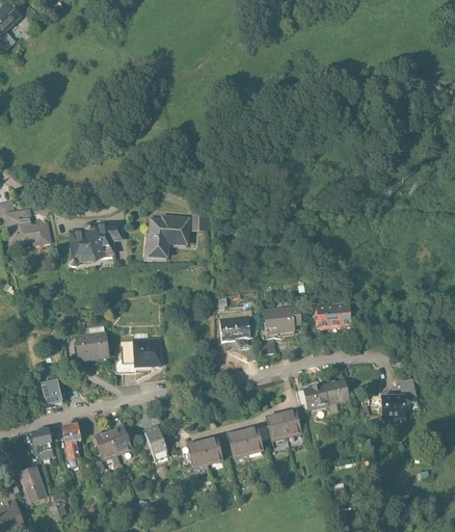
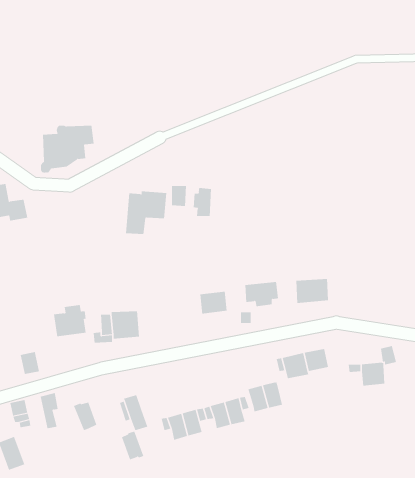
building: none -> [193,187,211,217]
building: [68,225,122,273] -> [40,125,94,173]
building: [110,423,133,452] -> [121,431,144,460]

